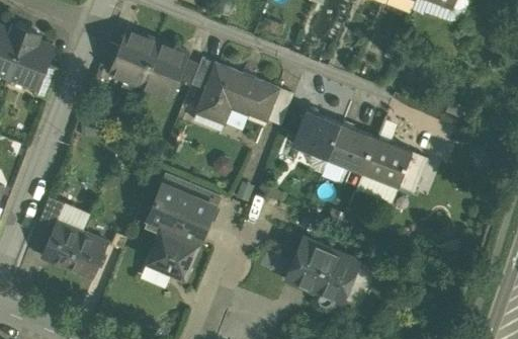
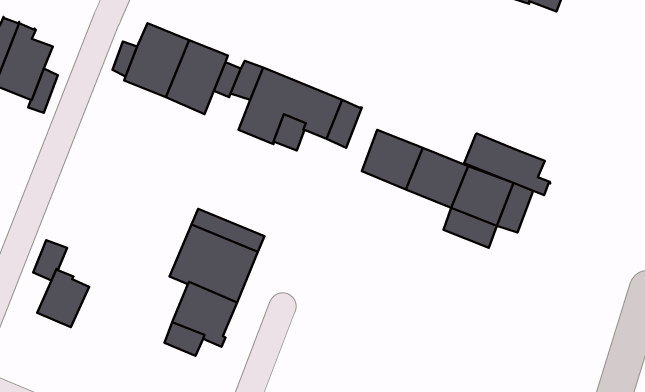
building: none -> [464,133,550,195]
building: [68,234,109,277] -> none
building: [288,238,358,308] -> none

